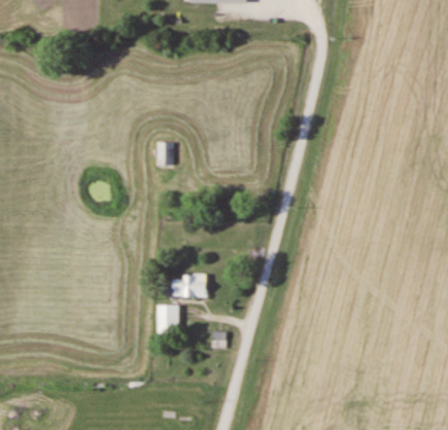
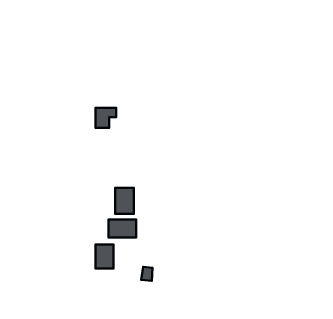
building: none -> [115,188,134,214]

